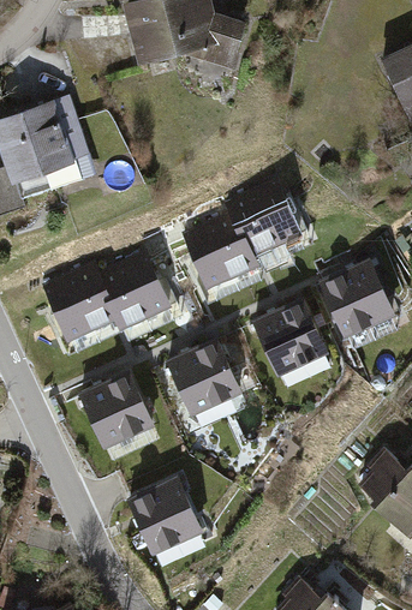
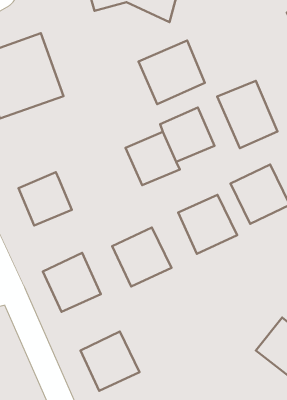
building: none -> [139,40,205,104]
building: none -> [217,81,278,148]
building: [97,258,167,328] -> none

